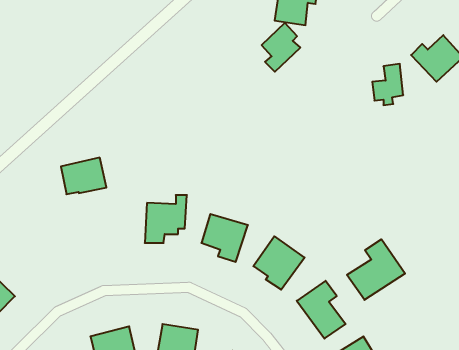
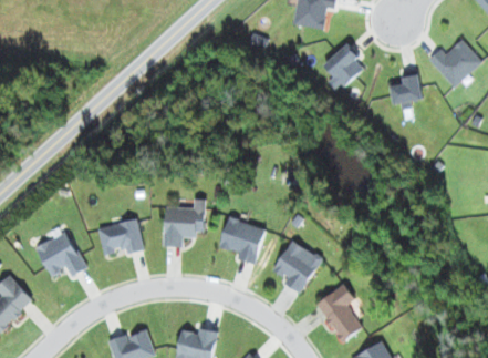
building: [262,23,300,72] -> [323,42,362,91]
building: [61,158,106,194] -> [97,218,143,255]
building: none -> [35,231,85,276]
building: [347,239,405,300] -> none

